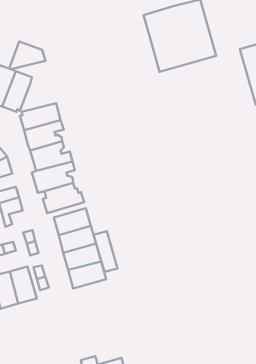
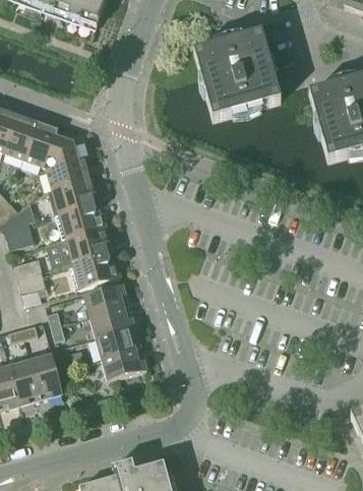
building: [9,41,45,69] -> [43,133,86,167]
building: [94,231,117,272] -> none

